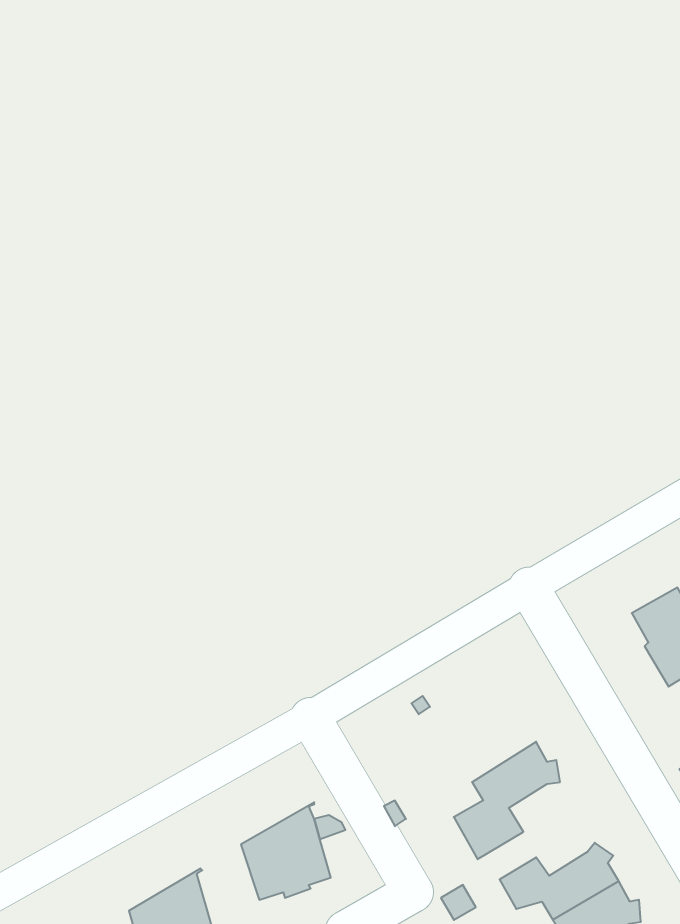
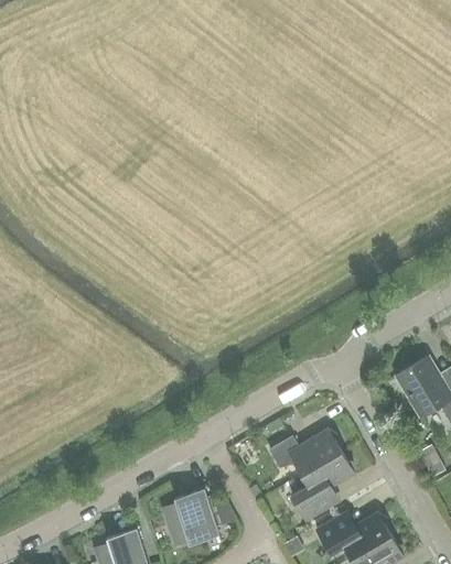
building: none -> [269,426,341,474]

